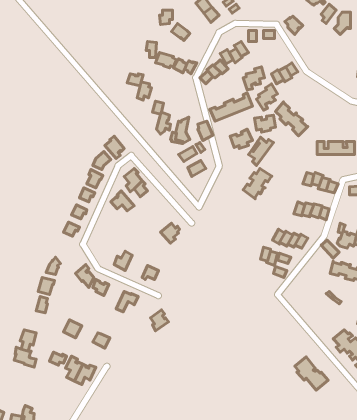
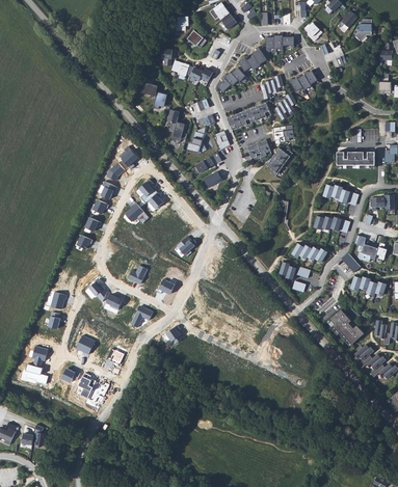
building: [275,102,308,136] -> none
building: [243,169,272,199] -> none
building: [295,357,328,390] -> [329,309,364,344]

